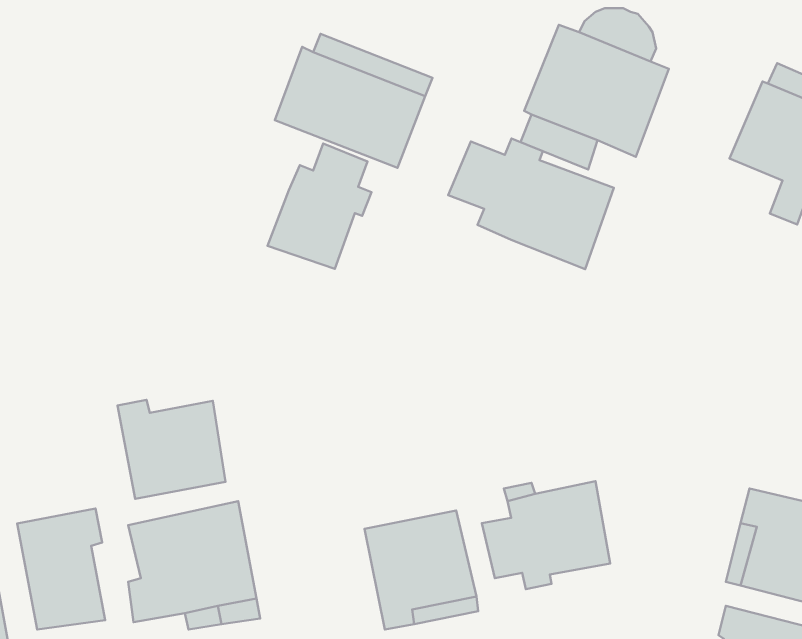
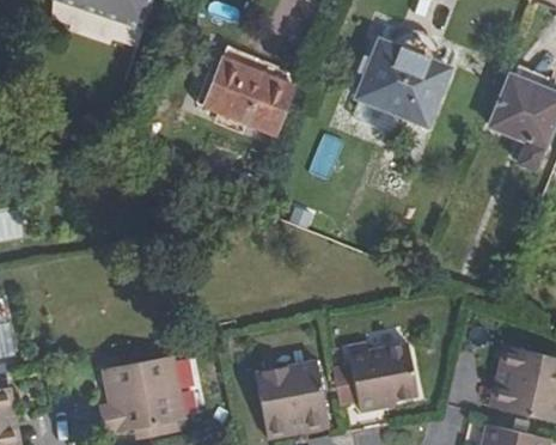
building: [448,139,614,269] -> none
building: [267,143,371,269] -> none
building: [118,400,225,499] -> none
building: [17,509,105,629] -> none

